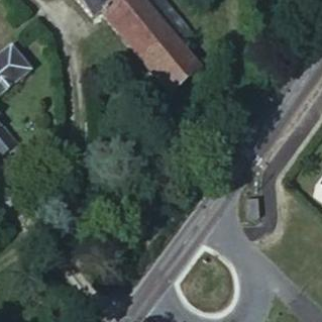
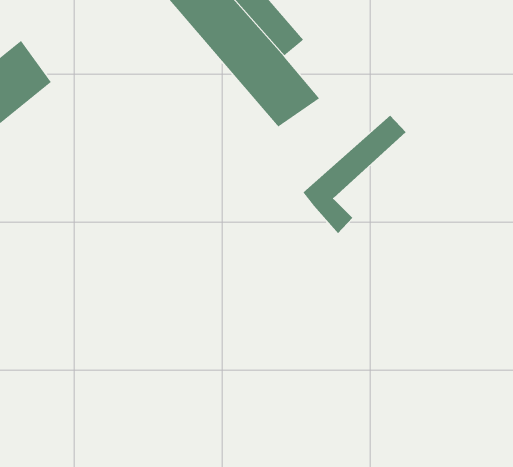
building: none -> [303,115,407,234]

